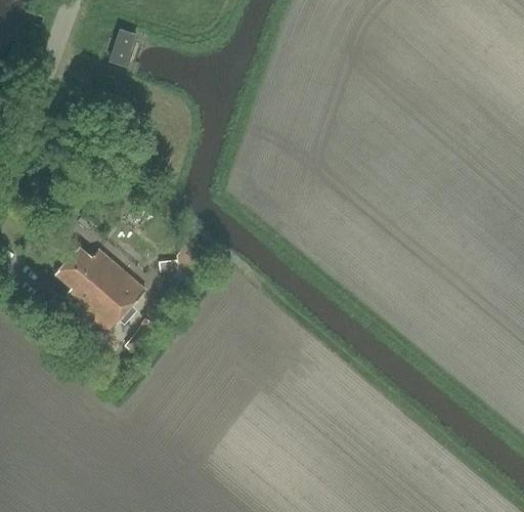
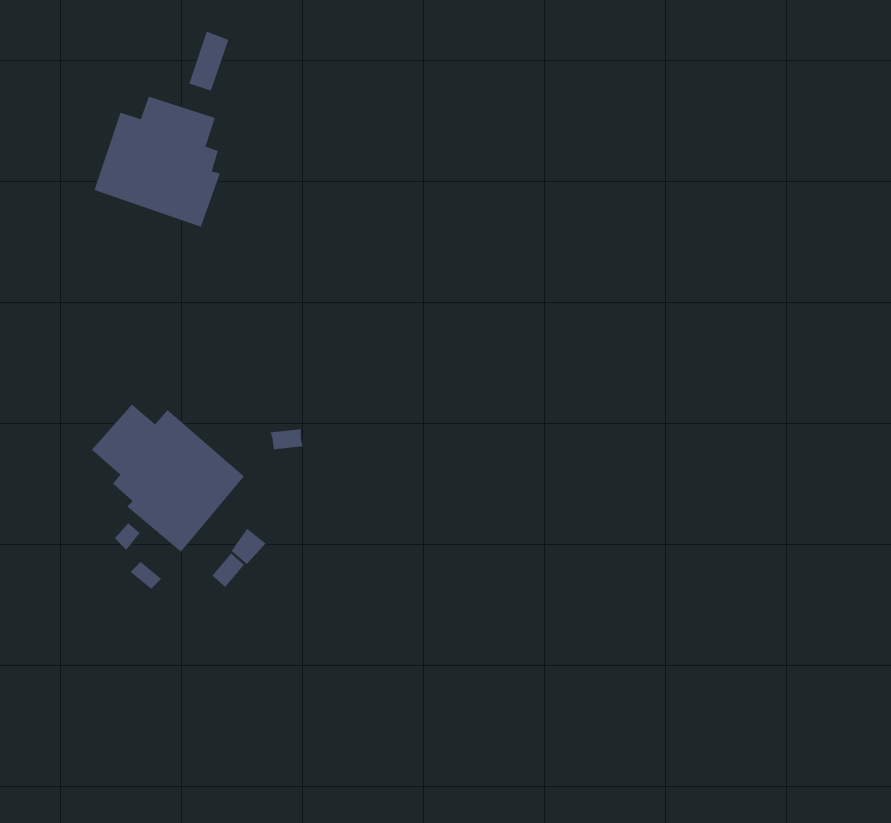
building: none -> [94,96,221,228]

